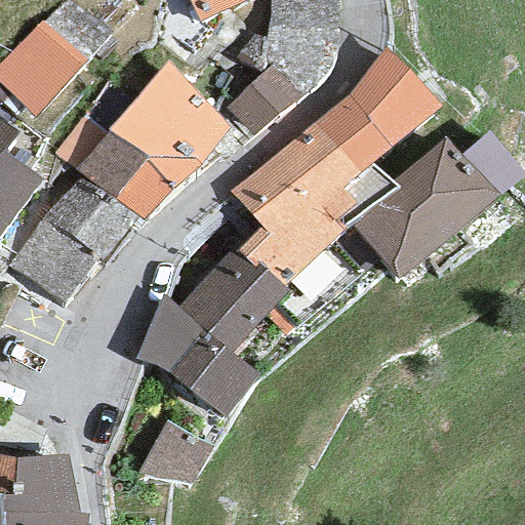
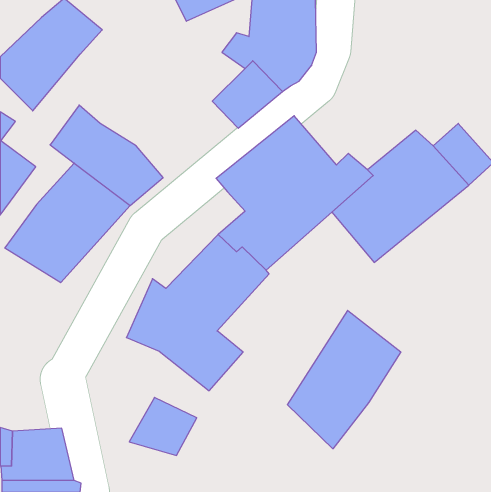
building: [315,48,442,175] -> none
building: [109,59,231,189] -> none
building: none -> [287,310,401,449]

